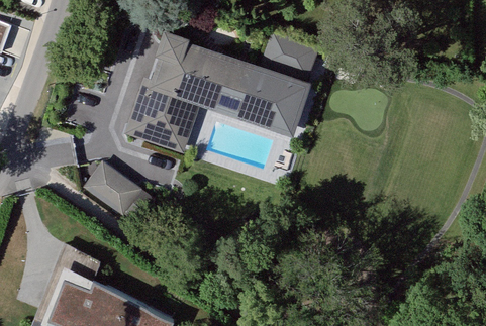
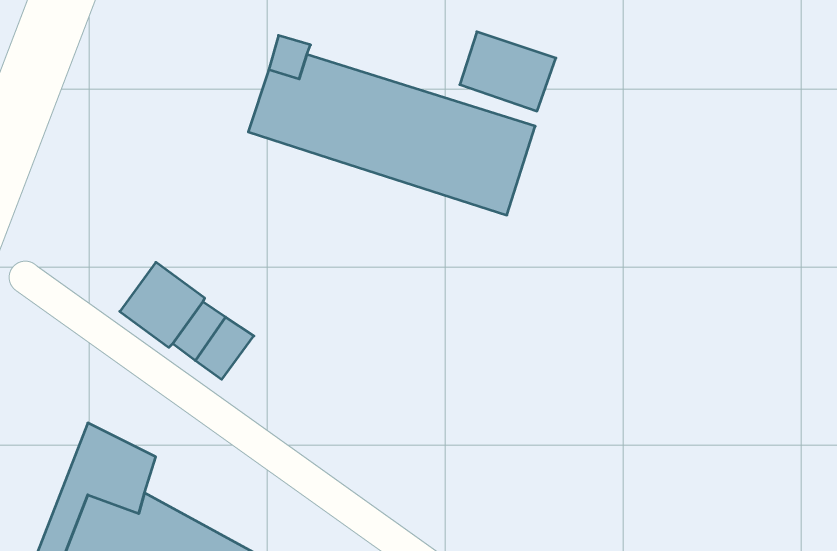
building: [131,86,194,146] -> none

